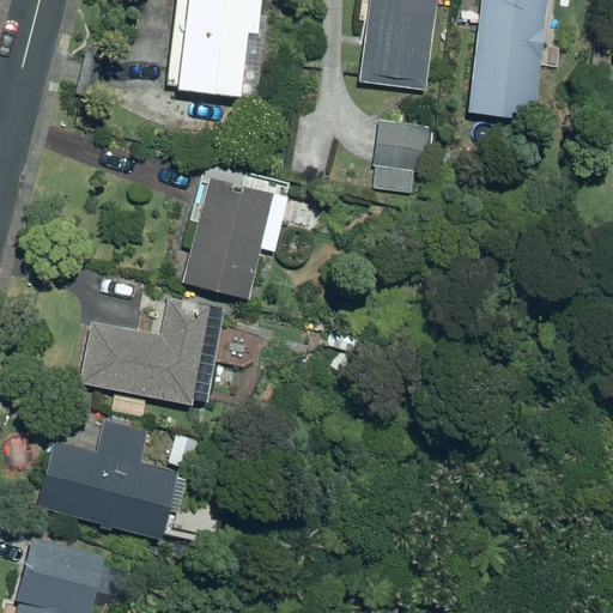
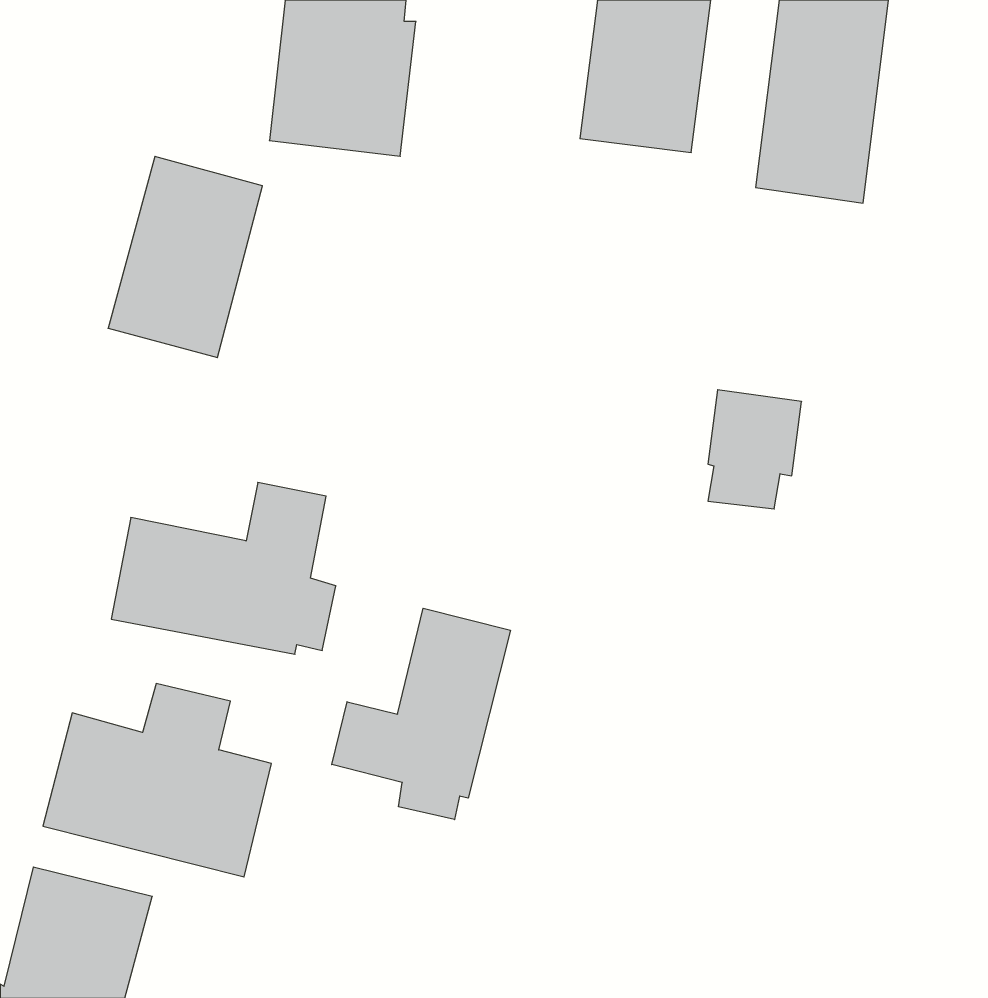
building: [376,125,433,198] -> [708,390,802,509]
building: [177,171,272,295] -> [108,156,262,358]
building: none -> [332,608,510,820]

